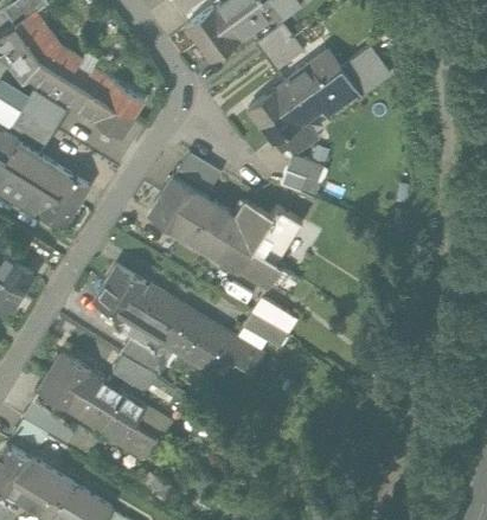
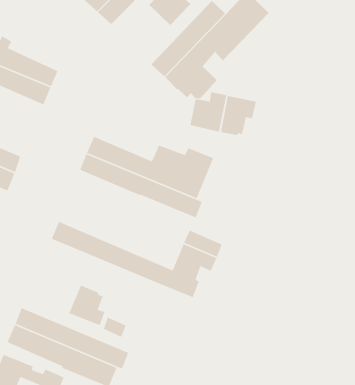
building: [177,153,219,190] -> none
building: none -> [220,95,257,136]
building: [94,284,225,379] -> none

